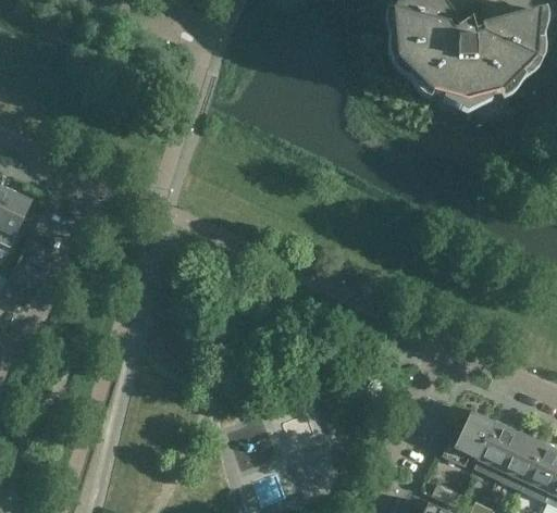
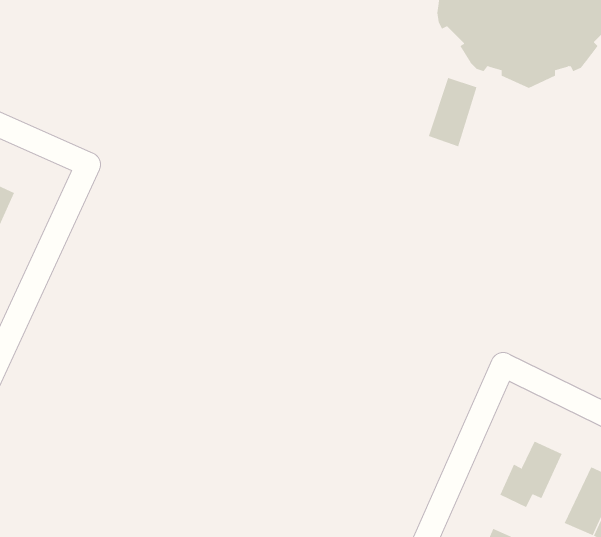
building: none -> [428,77,477,147]
building: [474,420,520,478] -> none

